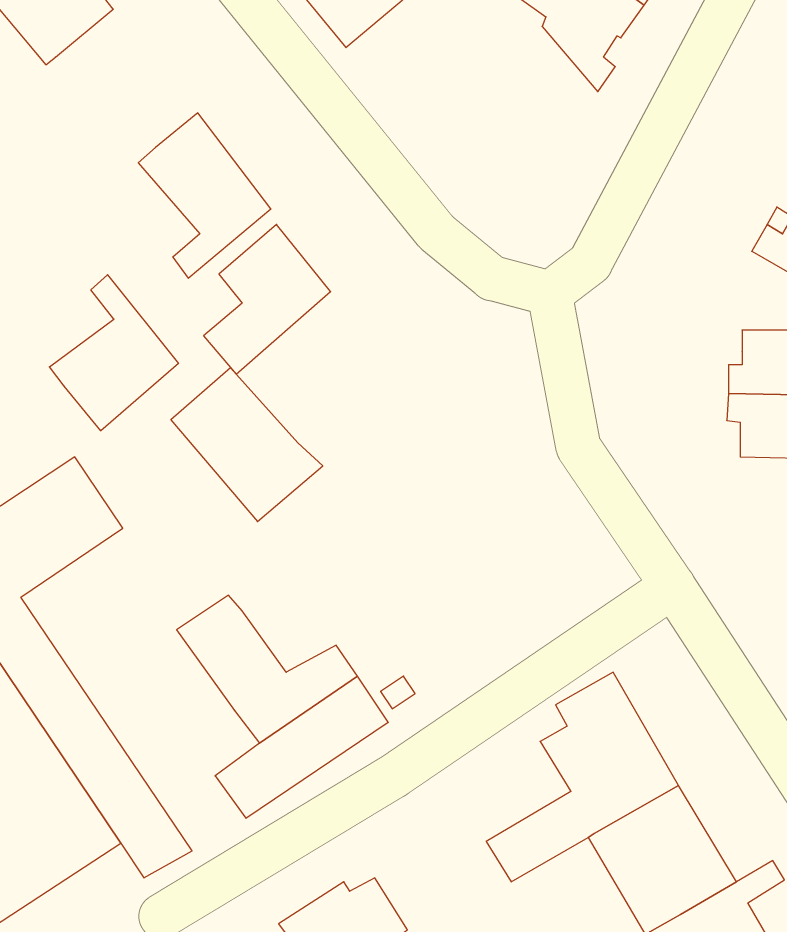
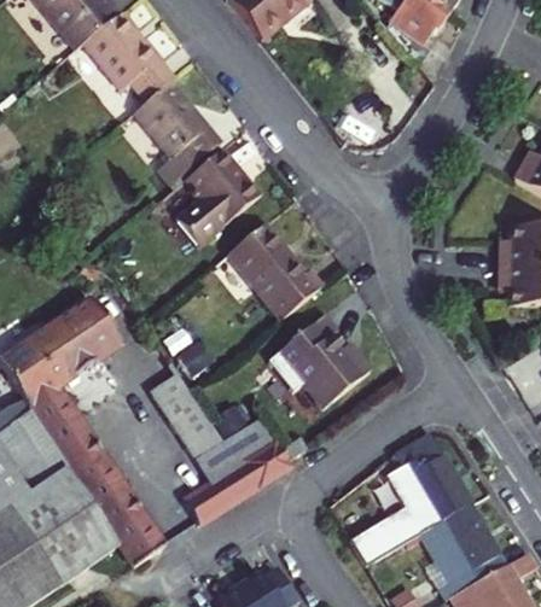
building: none -> [80,17,169,104]
building: [49,275,178,431] -> none
building: [171,368,323,522] -> [226,227,321,323]
building: none -> [275,327,365,410]

